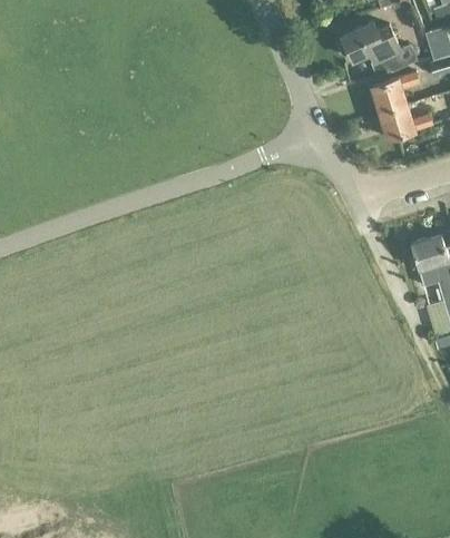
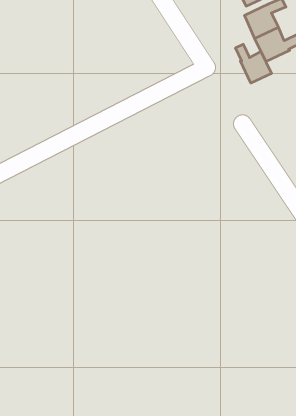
building: none -> [236,44,271,83]

